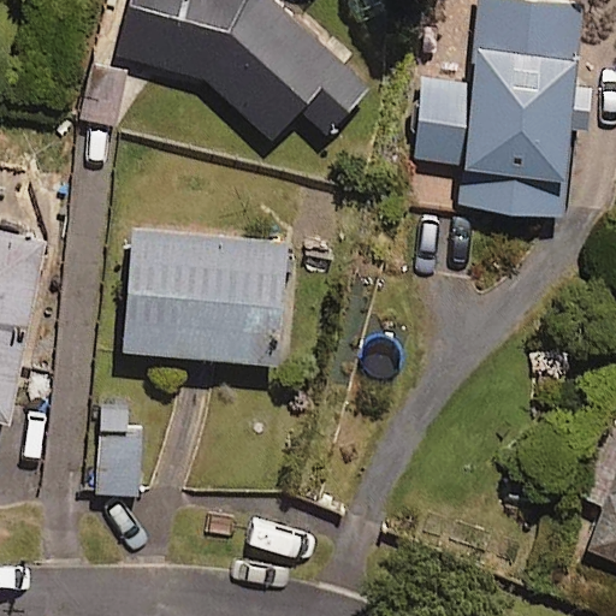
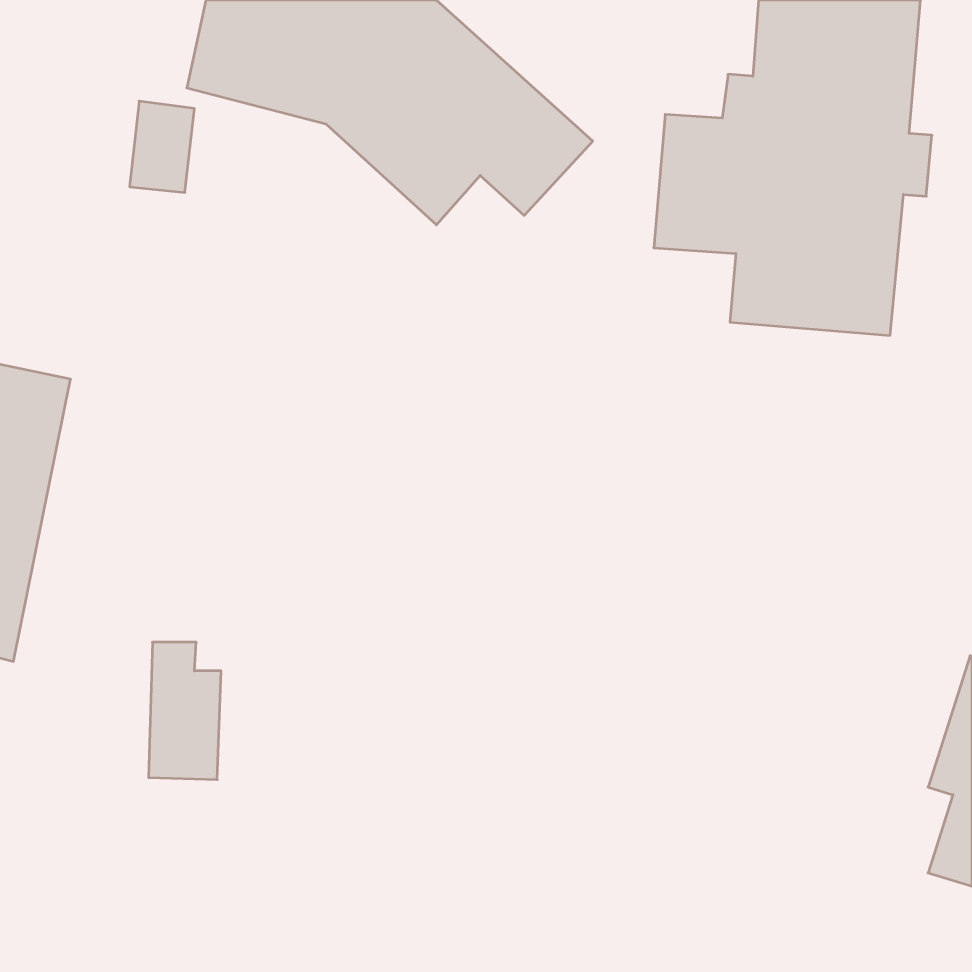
building: [124,229,285,361] -> none

